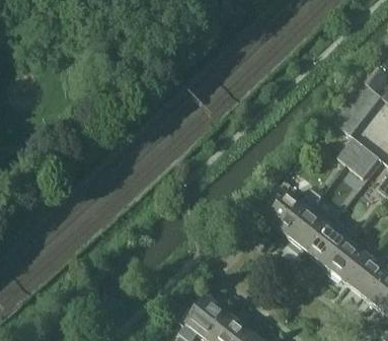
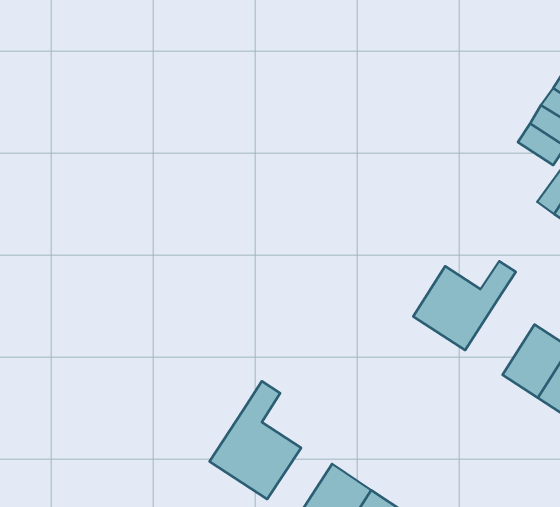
building: [290,211,331,255] -> none
building: none -> [209,381,301,499]

